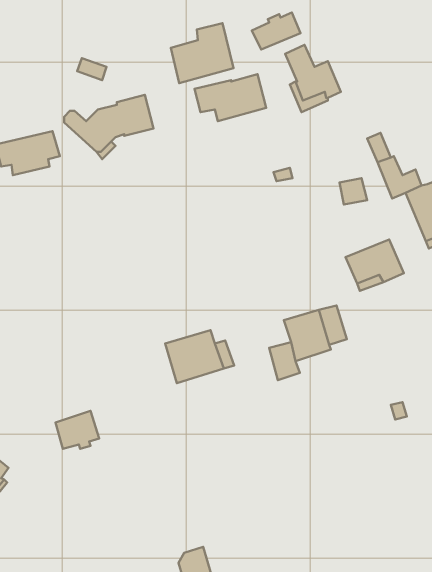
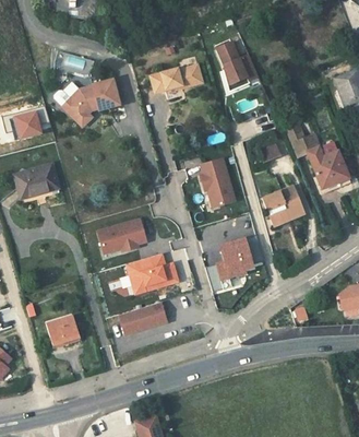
building: [252,12,301,50] -> none
building: [171,23,233,83] -> none
building: none -> [198,158,234,208]
building: none -> [13,164,57,198]
building: none -> [95,218,144,255]
building: none -> [117,303,165,334]

